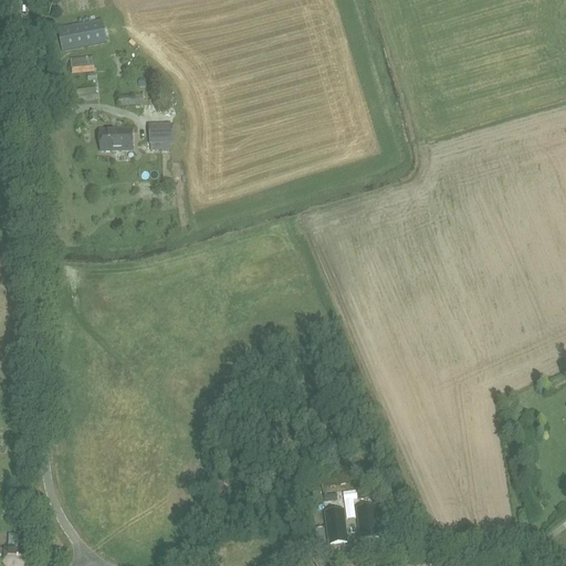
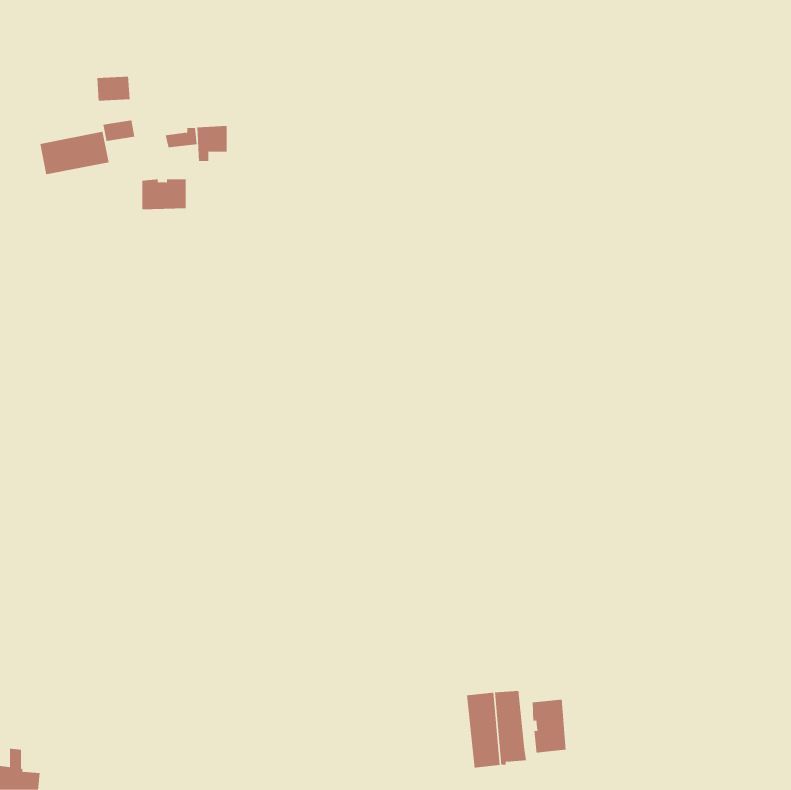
building: [56,19,106,50] -> [39,131,109,175]
building: [148,123,170,148] -> [197,126,228,161]
building: none -> [532,699,566,753]

